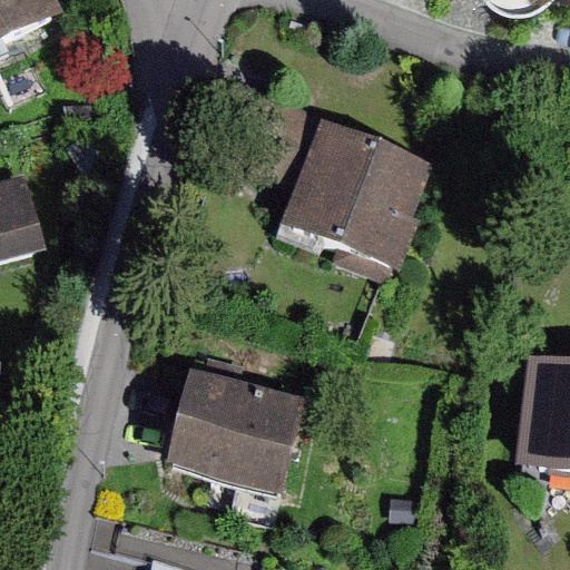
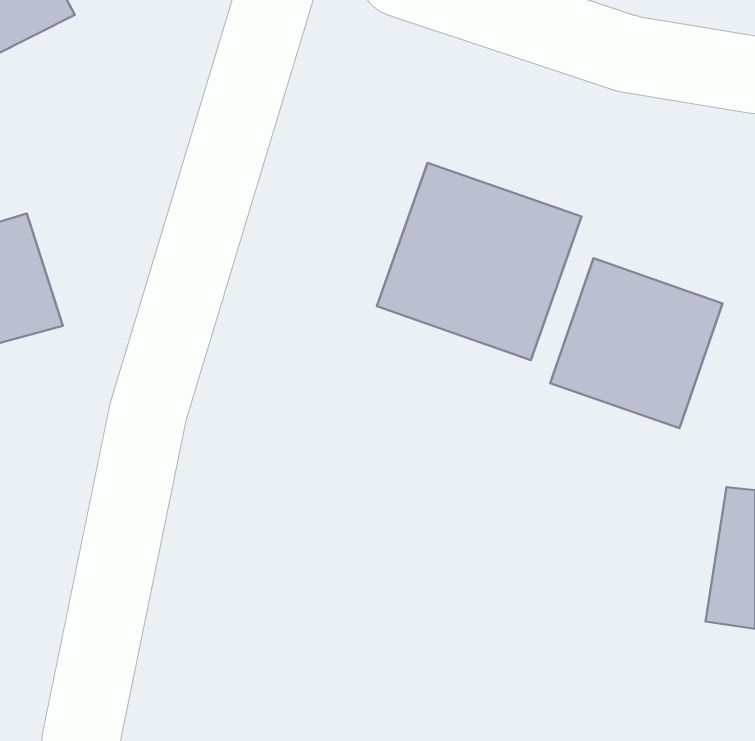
building: none -> [550,258,723,428]
building: [164,372,305,492] -> none

